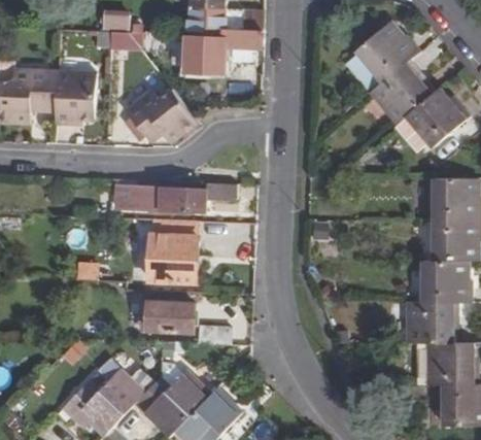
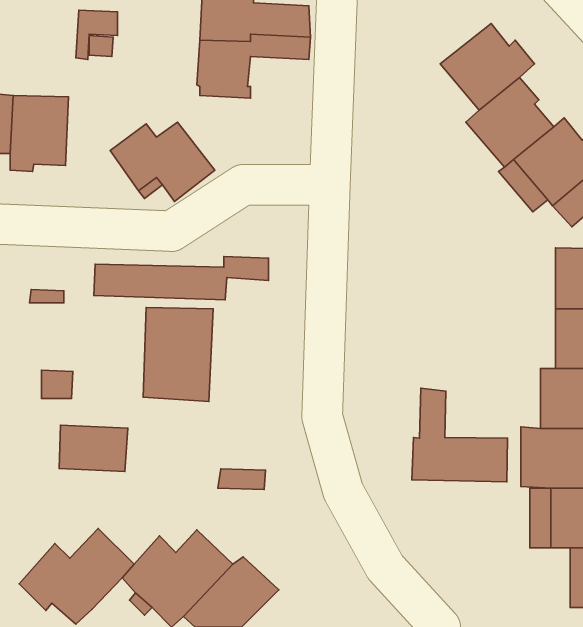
building: none -> [412,388,508,482]
building: [145,301,193,333] -> [59,425,128,471]

